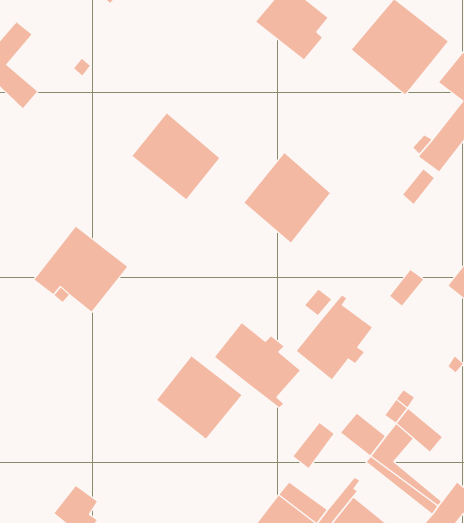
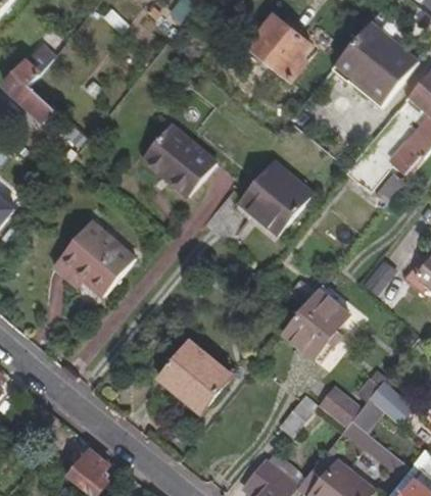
building: [214,322,301,408] -> none

